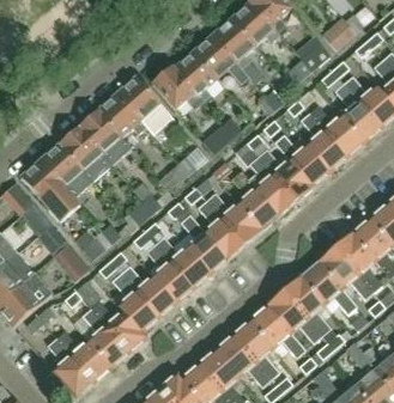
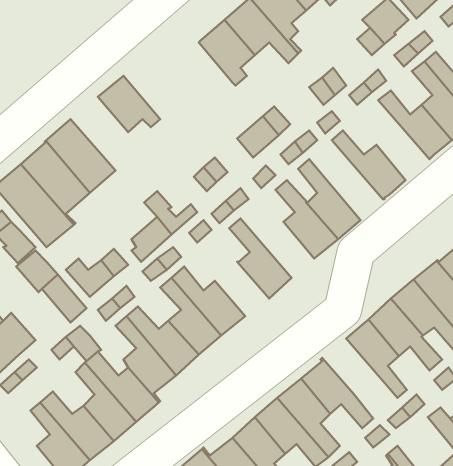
building: [151,66,201,110] -> none
building: [117,77,172,135] -> none
building: [78,110,131,165] -> none
building: [299,112,346,172] -> none
building: [256,149,311,202] -> none
building: [205,194,260,245] -> none
building: [180,215,226,274] -> none
building: [266,291,322,343] -> none

